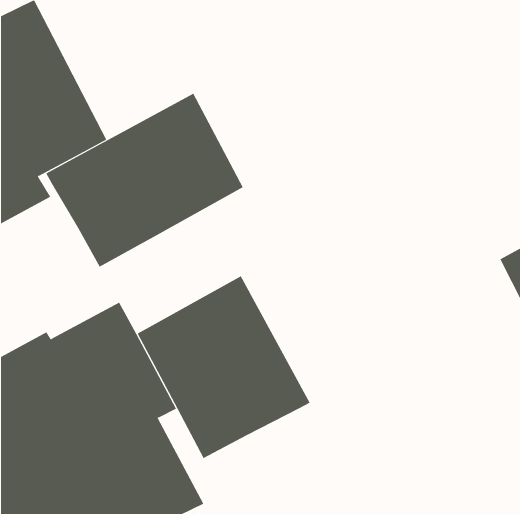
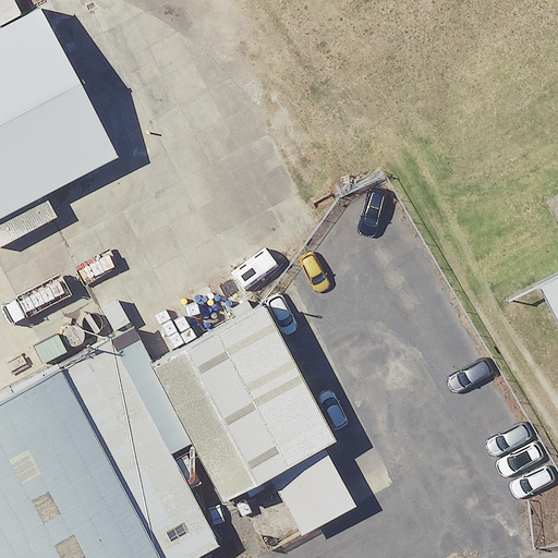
building: [46,93,244,268] -> none
building: none -> [266,445,355,534]

